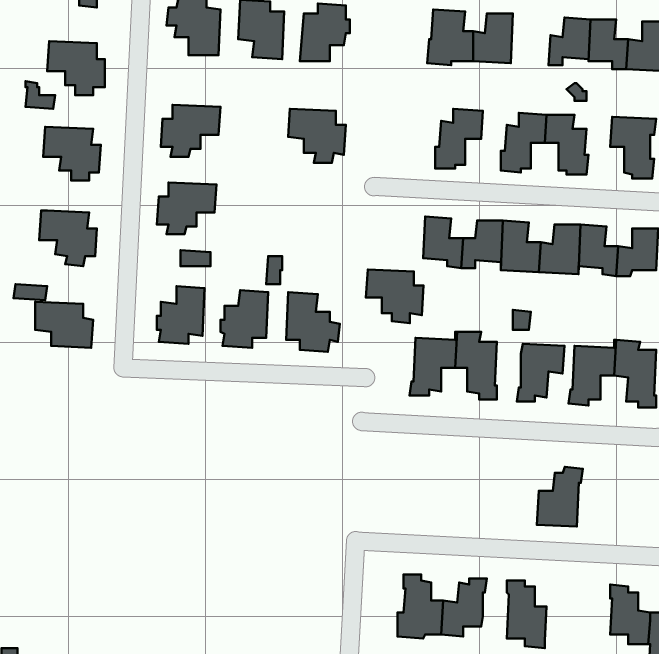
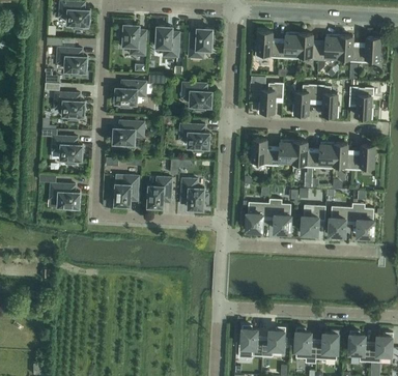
building: none -> [297,33,318,60]
building: [366,270,424,323] -> [179,124,209,152]
building: [537,467,583,527] -> [315,329,339,360]

